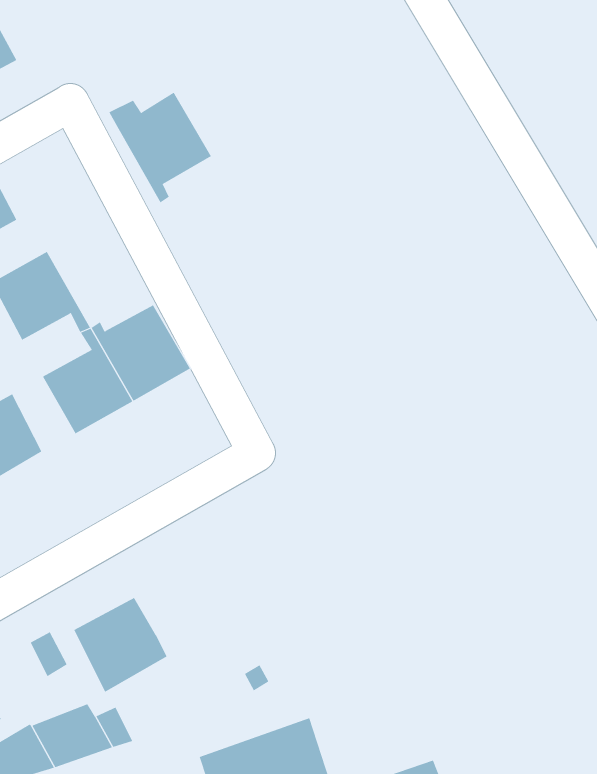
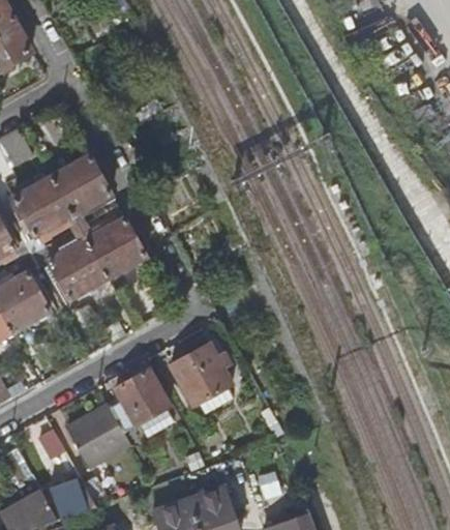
building: [109,92,212,203] -> [46,155,114,229]
building: none -> [169,338,231,415]
building: none -> [109,370,174,436]

